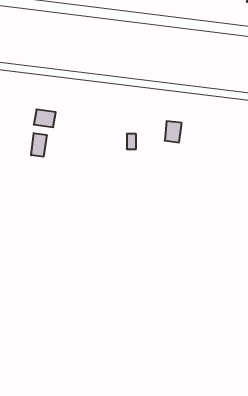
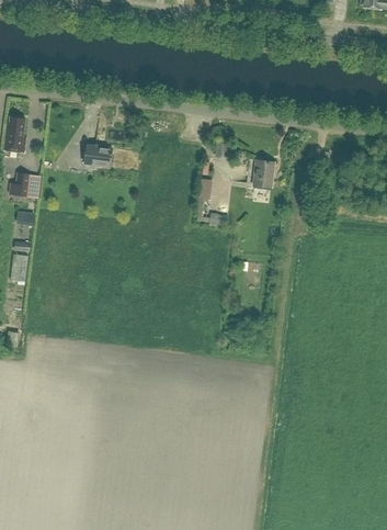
building: [31,133,47,157] -> none

